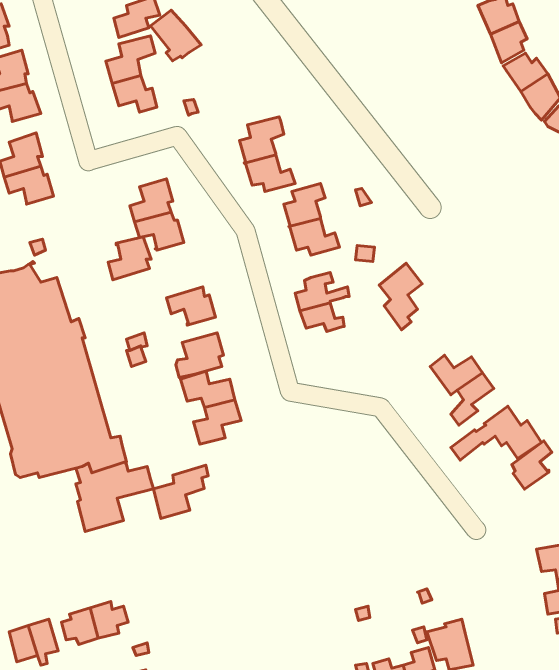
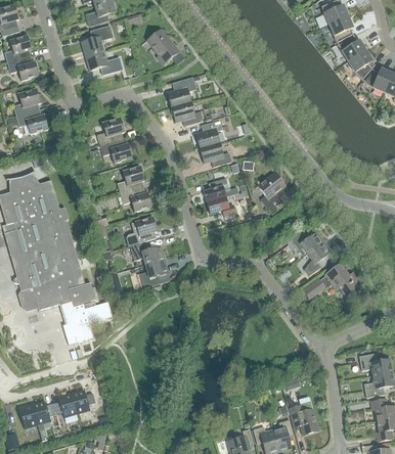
building: [150,10,201,61] -> [146,30,179,62]
building: [108,237,151,280] -> [117,167,144,194]
building: [512,441,552,489] -> none
building: [154,465,208,518] -> none

